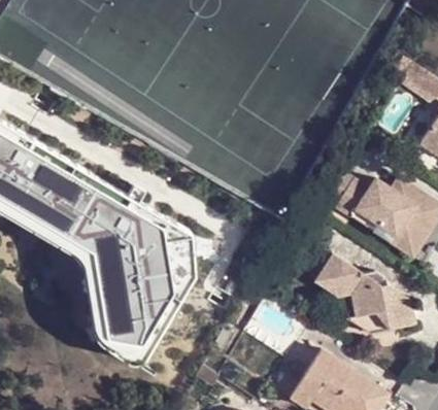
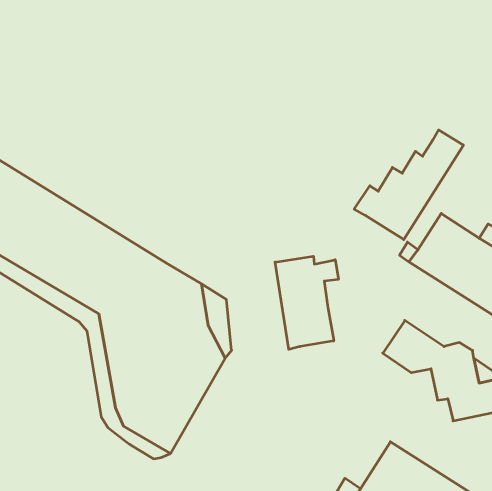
building: none -> [354,130,463,240]
building: none -> [275,256,338,349]

